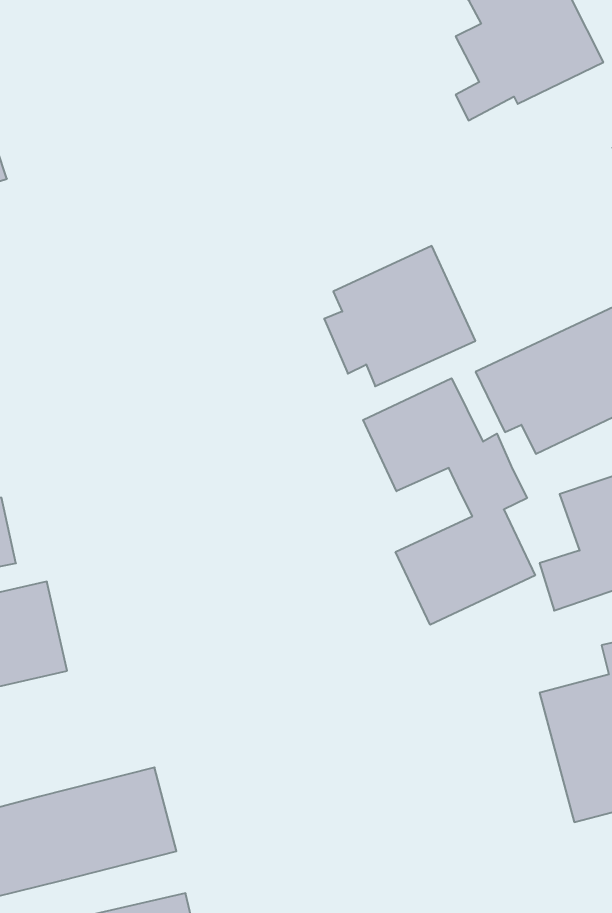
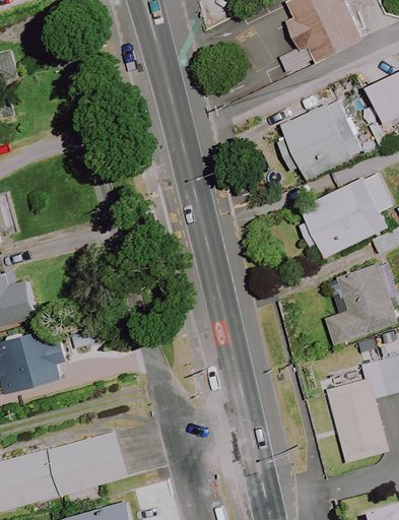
building: [324,246,475,386] -> [277,101,361,179]
building: [363,378,535,625] -> none

